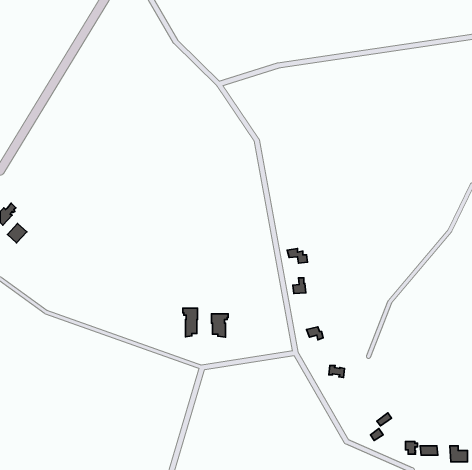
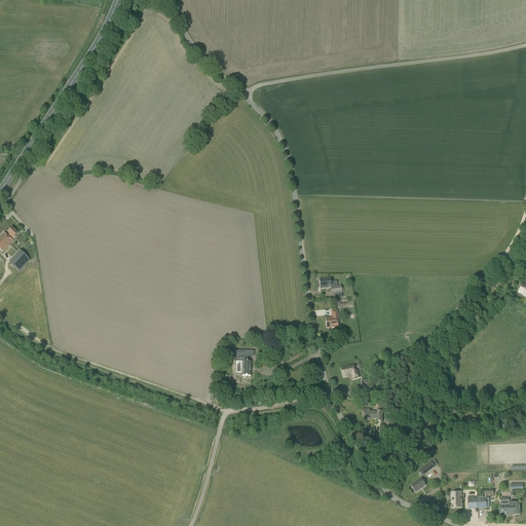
building: [183,308,198,337] -> none

